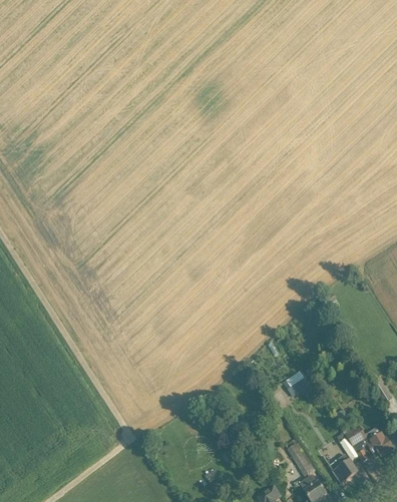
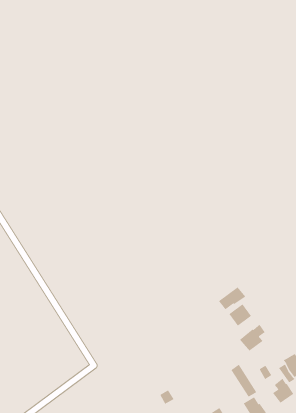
building: none -> [218,286,246,310]
building: none -> [239,324,266,352]

